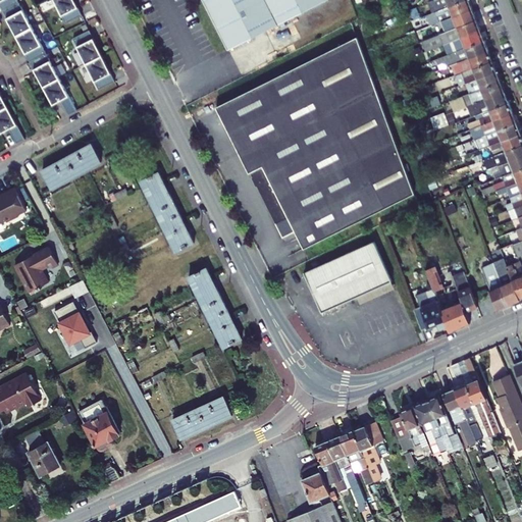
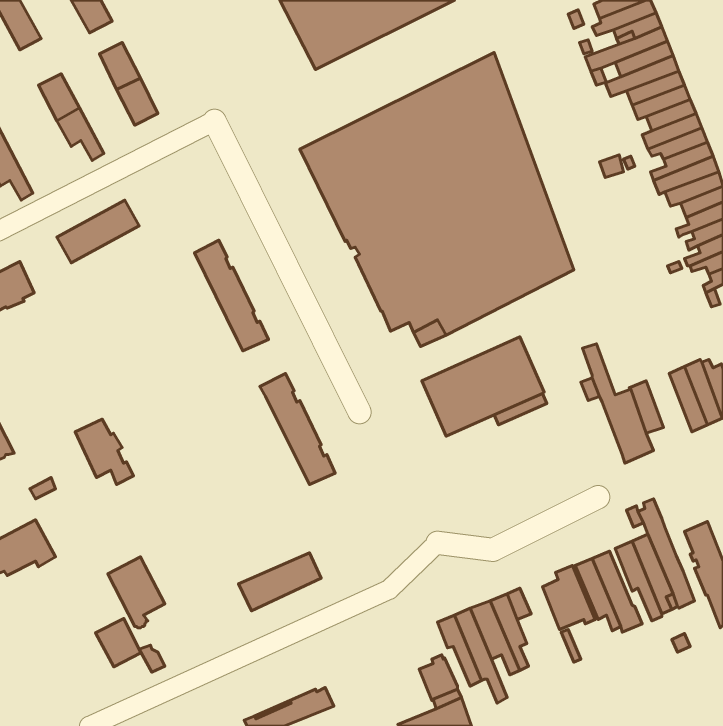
building: [14,28,44,61] -> none
building: [13,247,57,292] -> none
building: [412,289,447,330] -> none
building: [27,441,59,476] -> [95,619,141,667]

